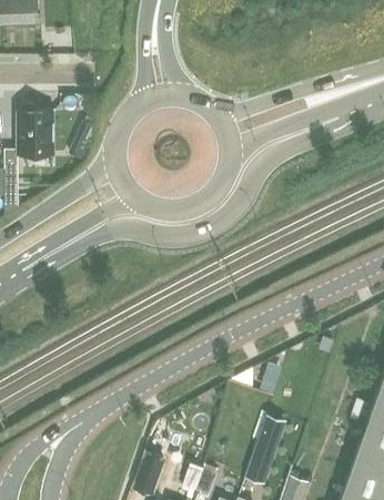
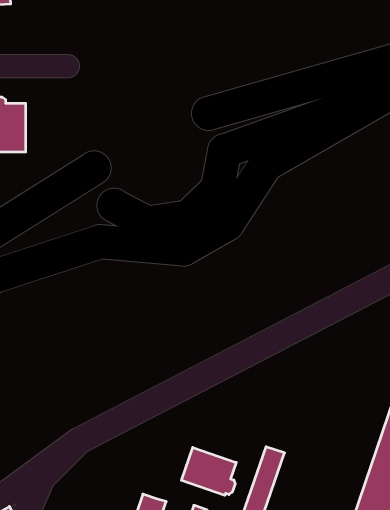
building: none -> [181,447,236,495]

